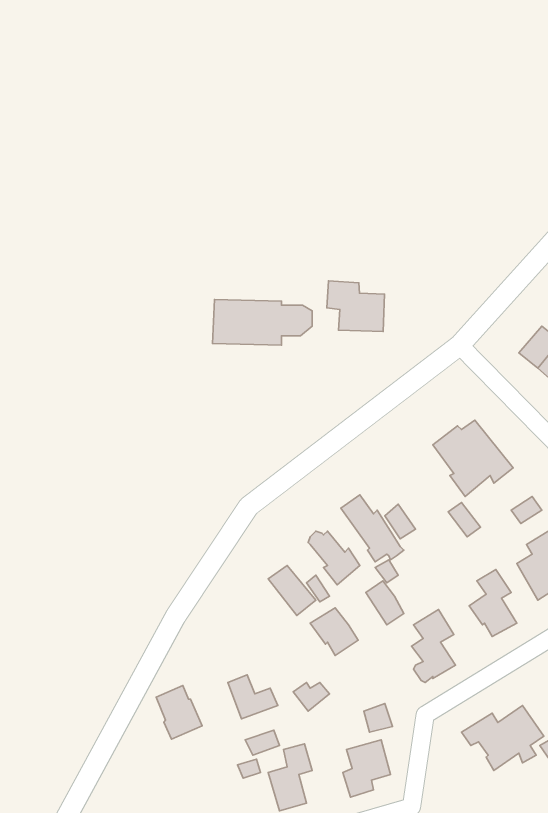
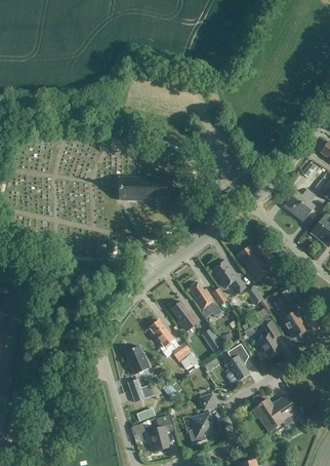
building: [327,281,384,332] -> none
building: none -> [211,260,245,292]
building: [156,686,202,739] -> [125,345,150,374]

